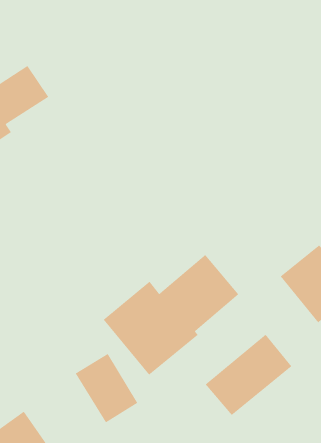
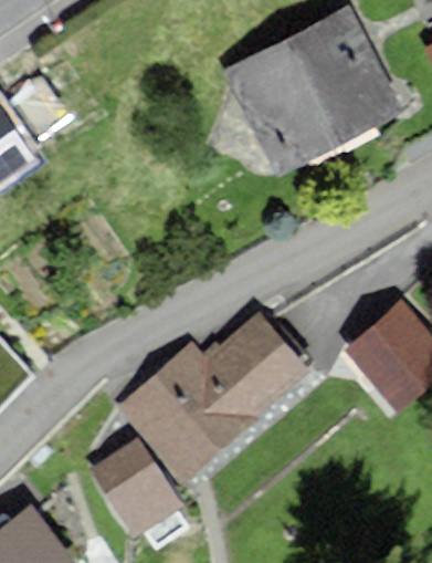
building: none -> [234,13,396,165]
building: [205,334,292,416] -> none

